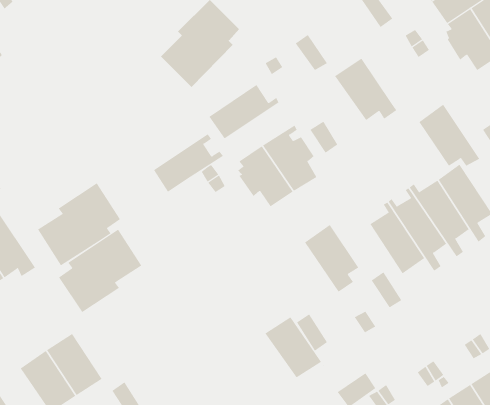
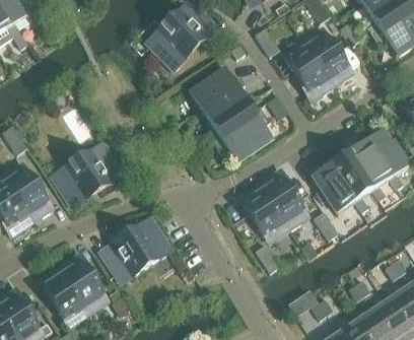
building: [419,104,480,167] -> [306,31,354,80]
building: [153,134,224,193] -> [200,80,255,126]
building: [58,229,142,313] -> [103,217,168,282]
building: [265,317,325,378] -> [241,189,288,236]

